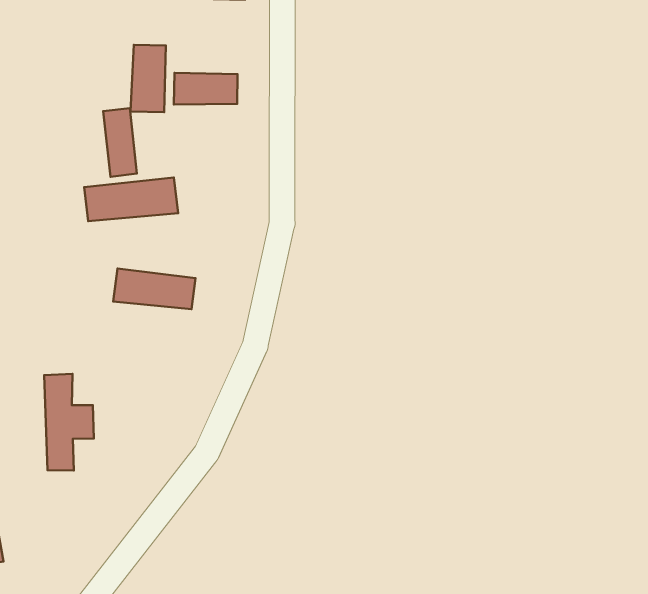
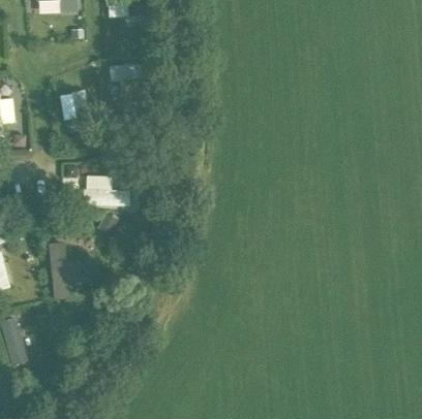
building: [131,45,166,112] -> none
building: [84,177,178,221] -> none

